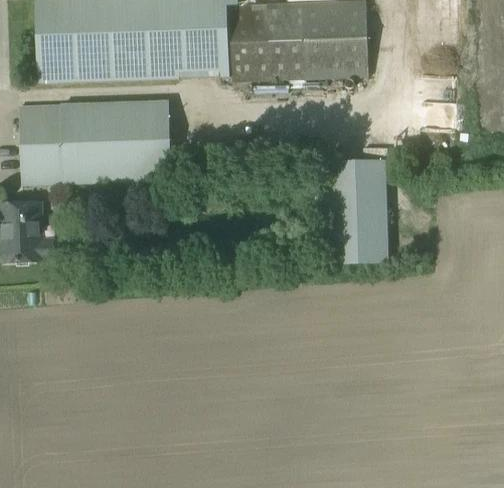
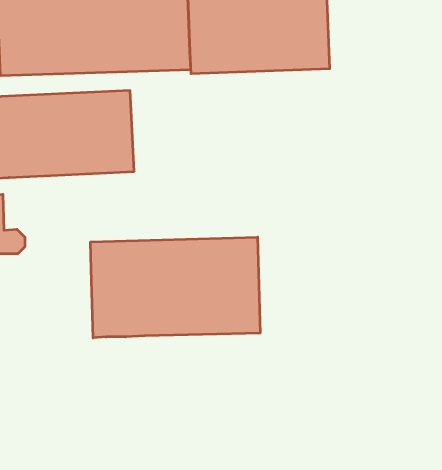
building: [315,158,389,263] -> none
building: none -> [91,237,260,338]

